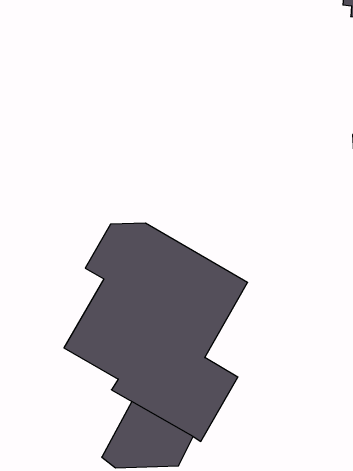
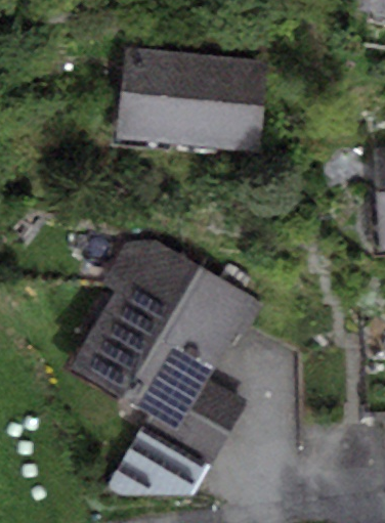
building: none -> [117,45,268,150]

